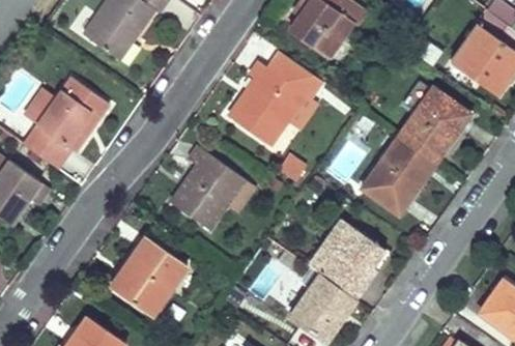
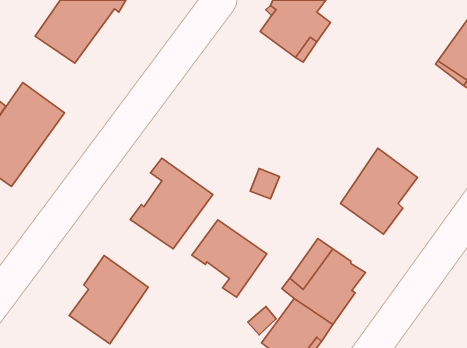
building: [229,51,322,154] -> none
building: [397,87,474,164] -> none
building: none -> [192,220,267,297]

